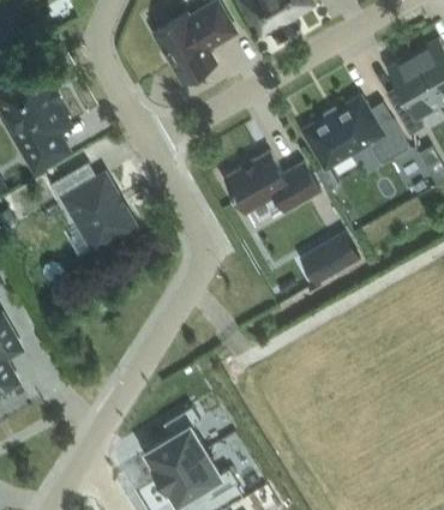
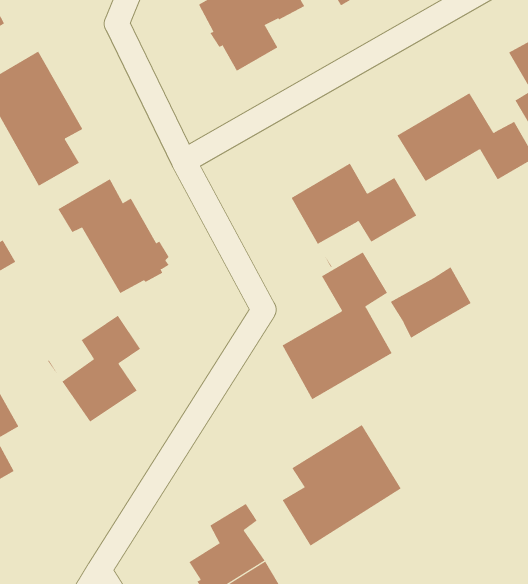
building: none -> [282,252,392,400]
building: none -> [47,315,141,422]
building: none -> [282,424,401,546]

